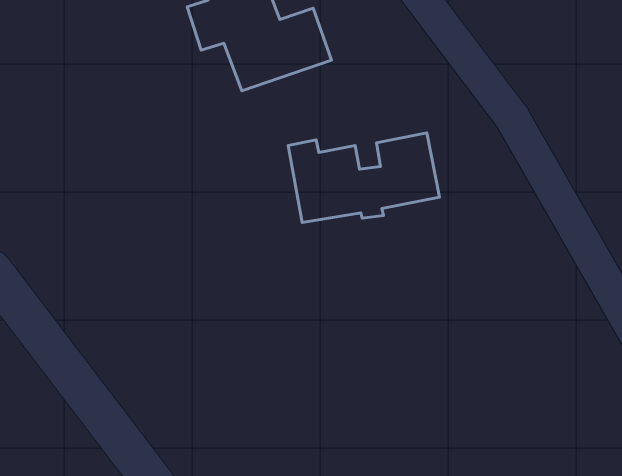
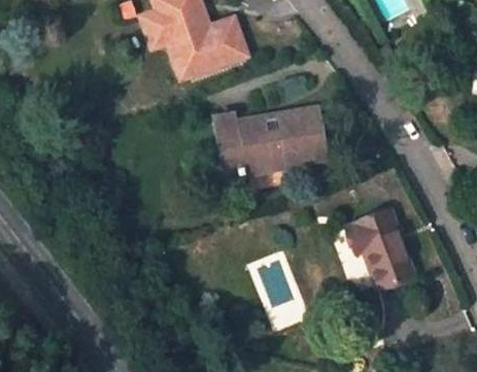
building: none -> [344,210,412,286]

